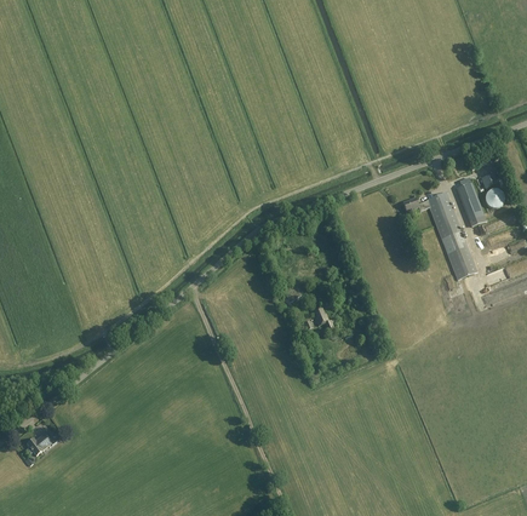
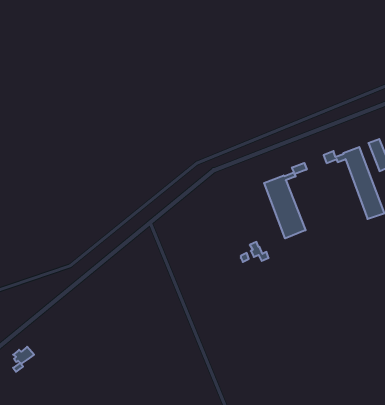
building: none -> [264,163,307,238]

